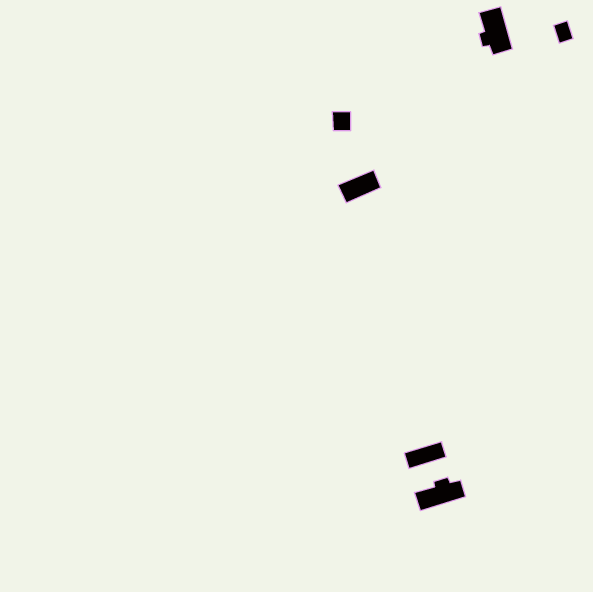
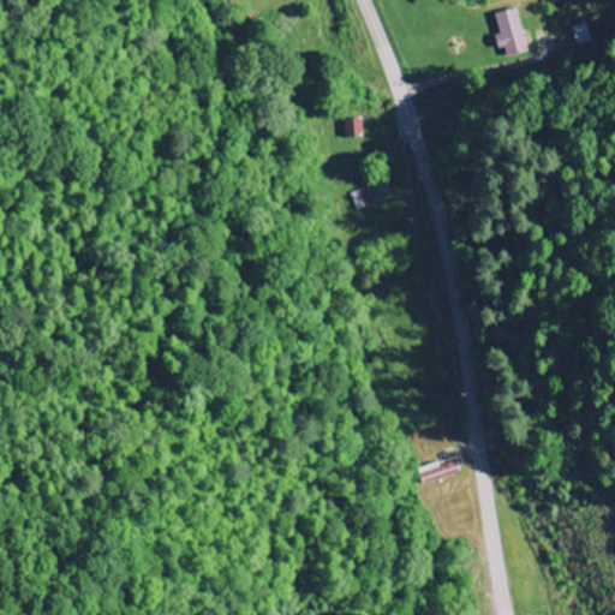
building: [415,477,465,511] -> none

